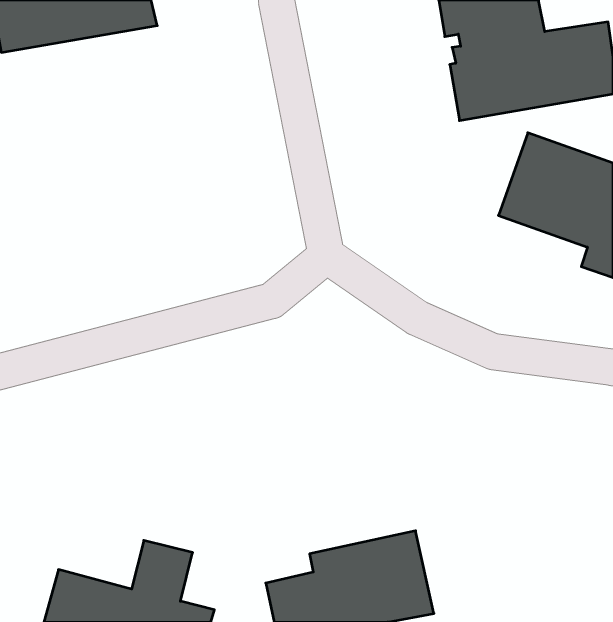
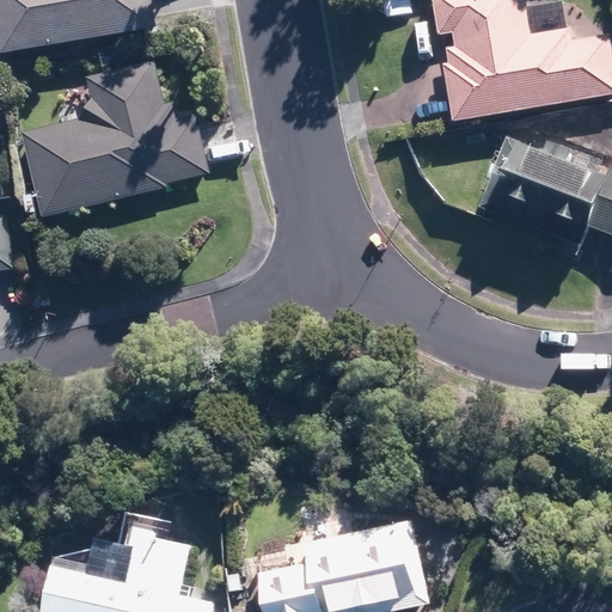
building: none -> [20,57,207,215]

